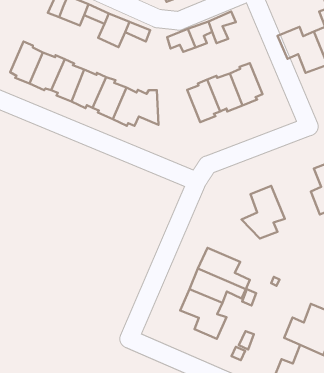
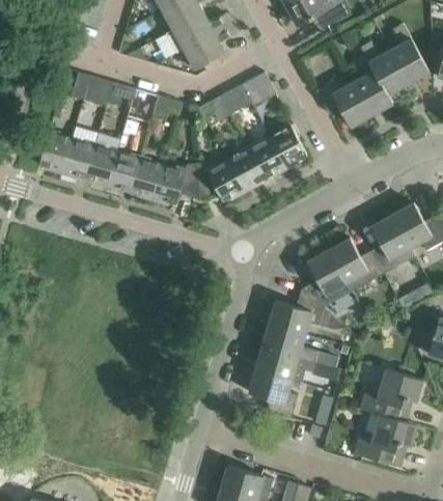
building: none -> [195,160,245,201]
building: none -> [328,239,383,285]
building: none -> [269,289,323,334]

